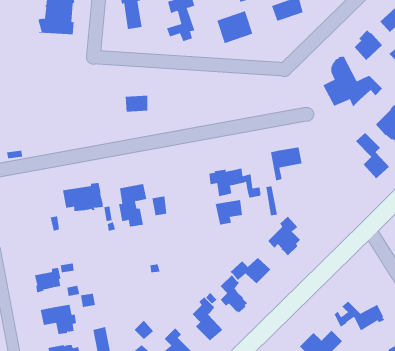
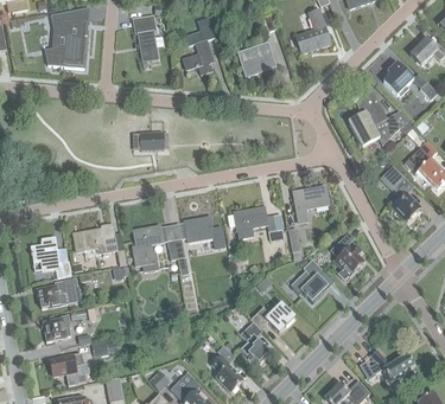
building: none -> [31,235,58,268]
building: none -> [330,241,363,277]
building: [215,199,243,225] -> [183,214,212,242]
building: none -> [36,276,81,307]

